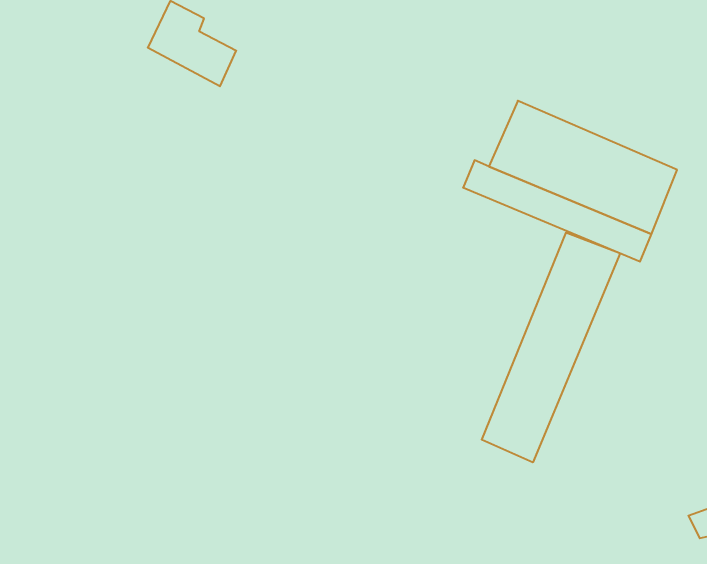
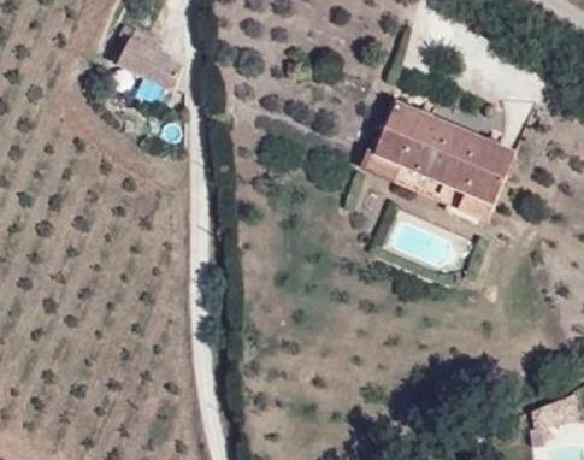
building: [482,233,620,462] -> none

